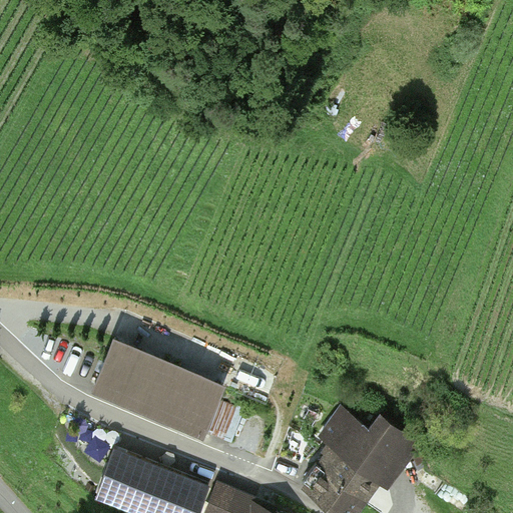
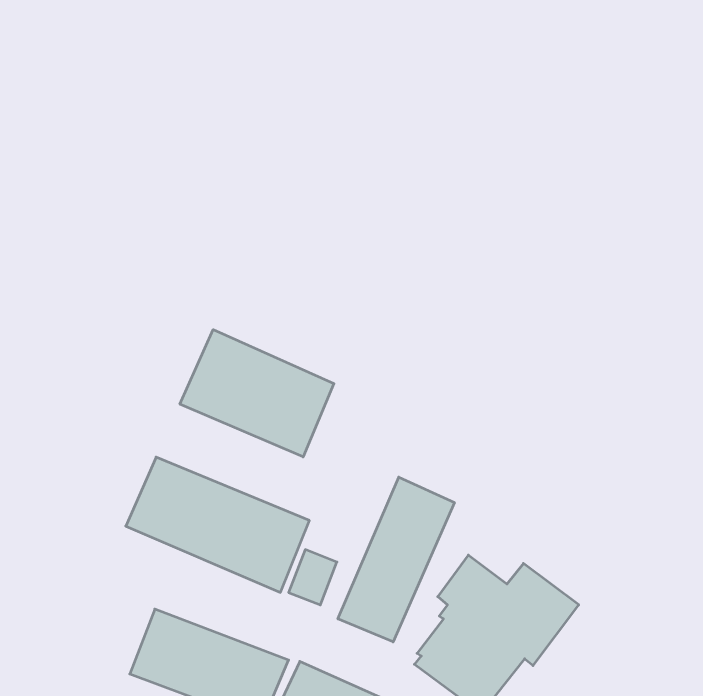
building: none -> [180,330,334,457]
building: none -> [338,477,454,642]

